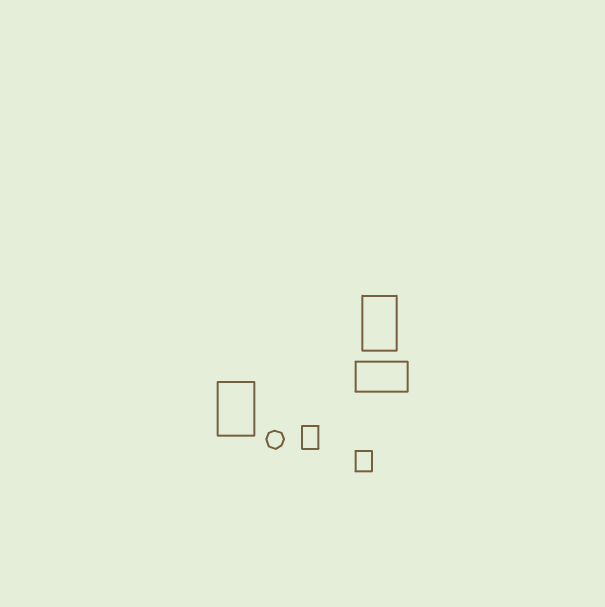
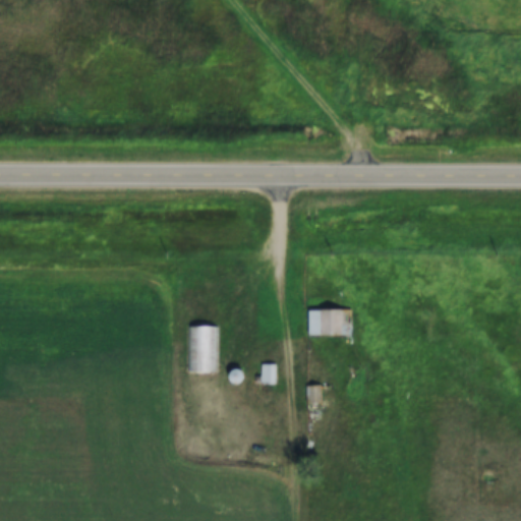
building: [362,296,397,351] -> none

